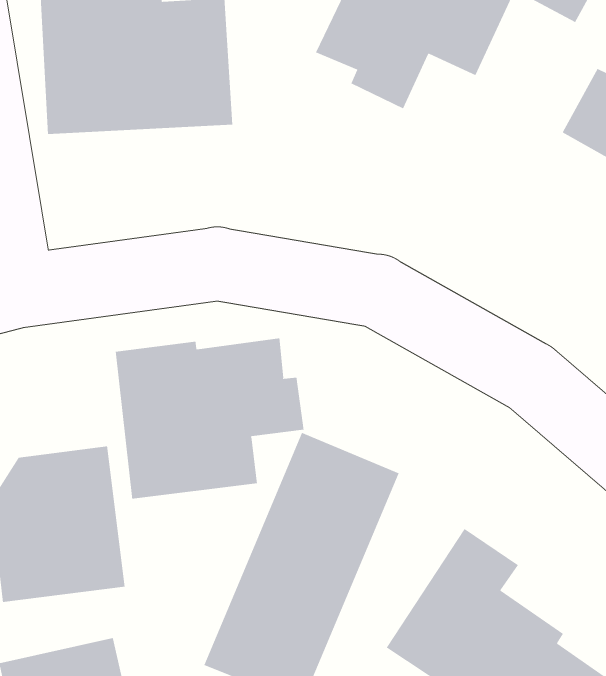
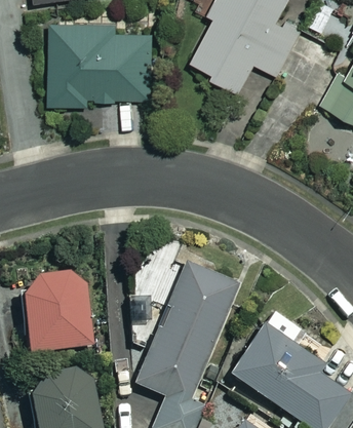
building: [115,337,304,500] -> none

